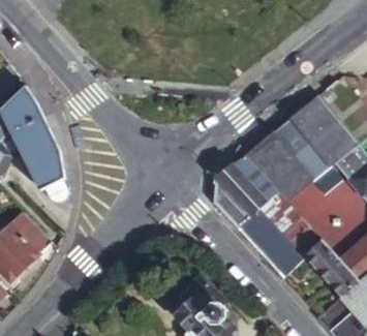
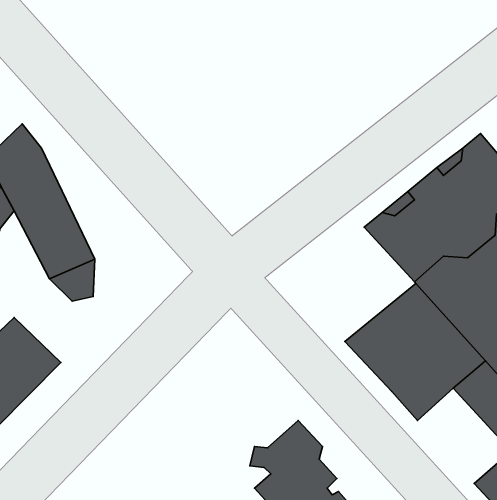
building: [210,151,279,226] -> none

